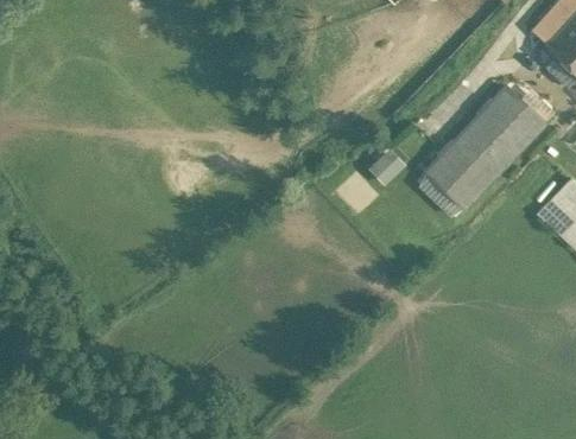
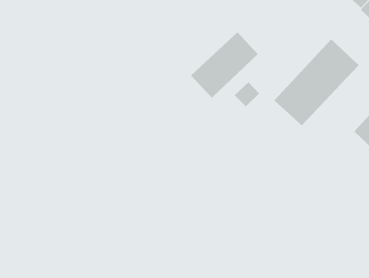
building: none -> [190,31,258,98]

